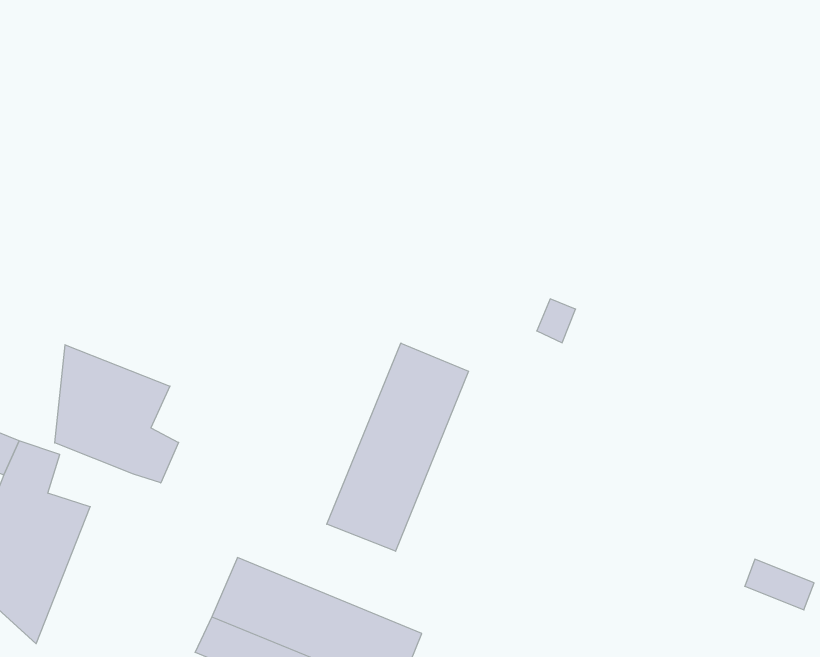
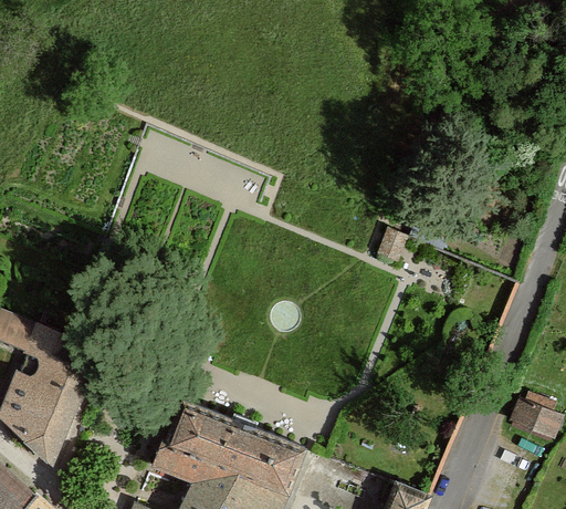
building: [327,343,468,551] -> none
building: [55,345,179,483] -> none

